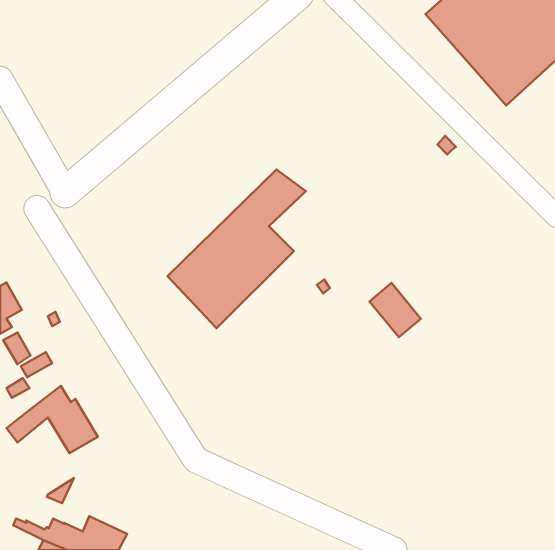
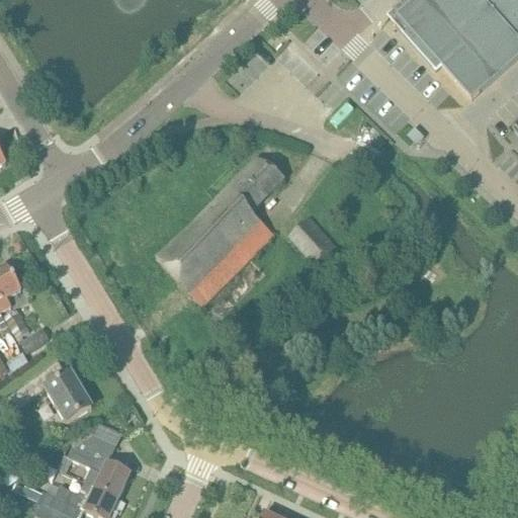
building: [370,283,421,337] -> [289,218,337,268]
building: none -> [69,434,131,497]

